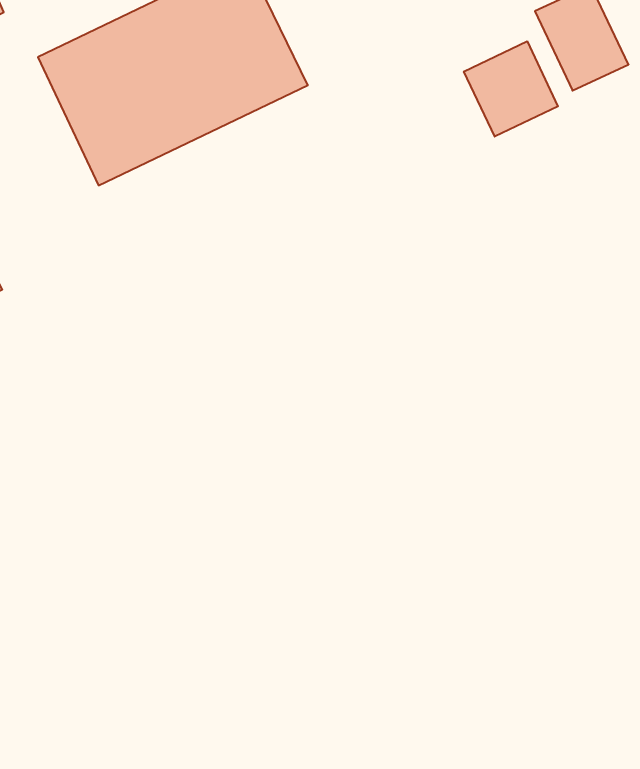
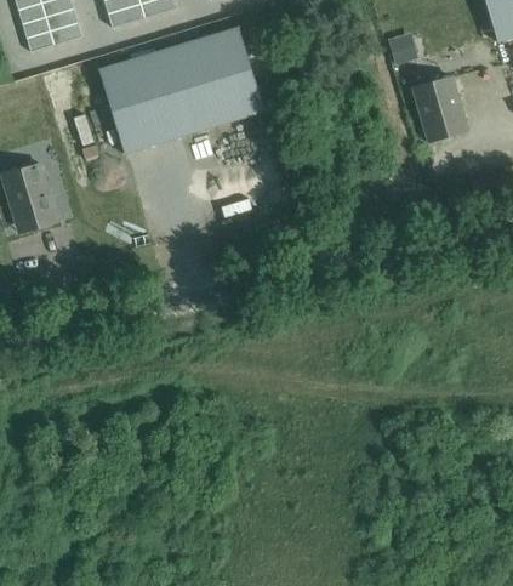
building: [464,41,558,137] -> none

